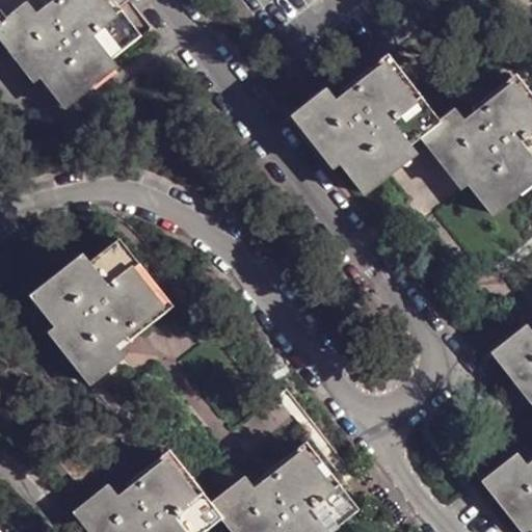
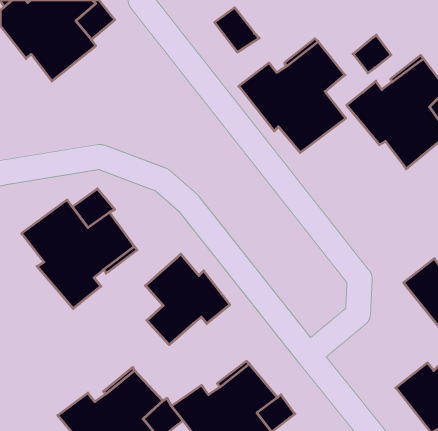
building: none -> [215,8,259,52]
building: [395,99,441,144] -> [353,35,391,73]
building: none -> [145,254,230,345]

